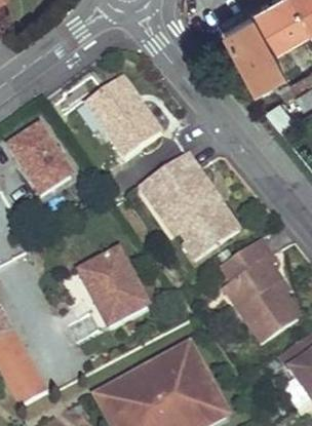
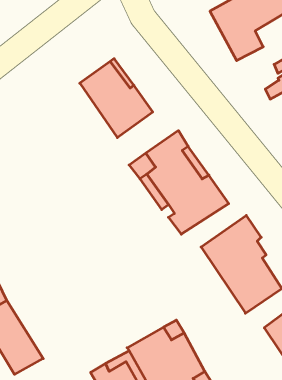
building: [9,128,73,197] -> none
building: [80,253,148,328] -> none

